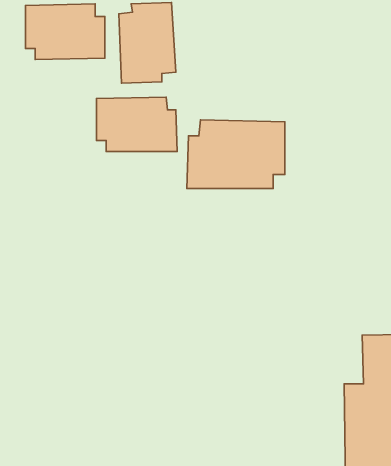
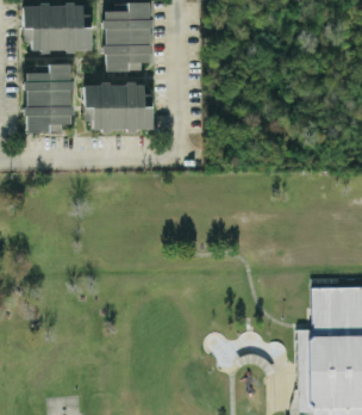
building: none -> [25,64,73,134]
building: [187,120,285,189] -> none

